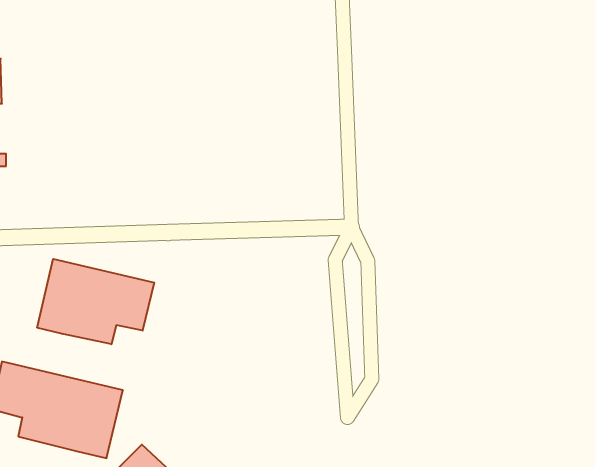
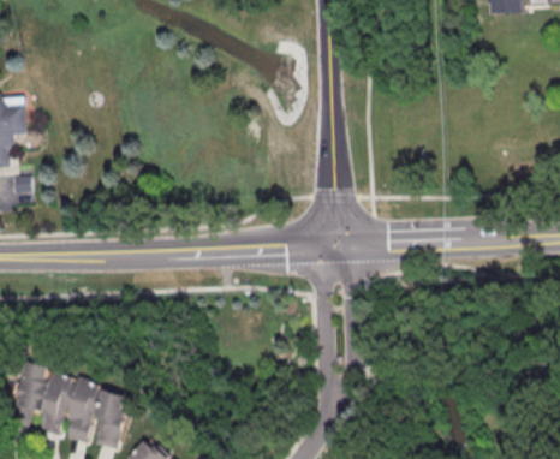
building: [37,259,154,344] -> none

